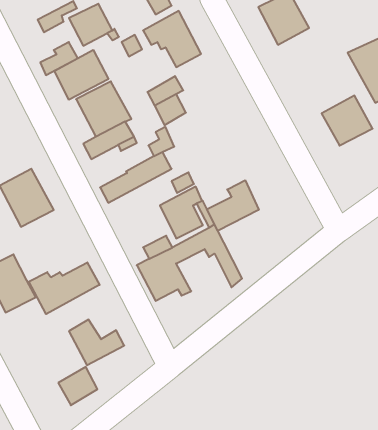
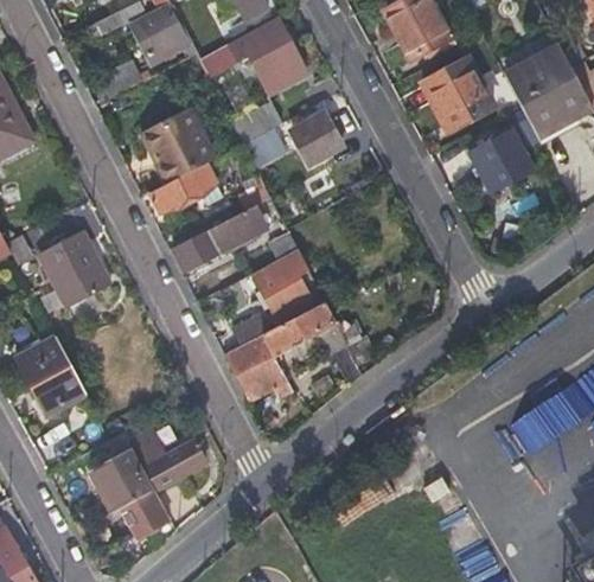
building: none -> [421,60,493,132]
building: [54,50,108,100] -> none
building: none -> [292,114,341,162]
building: [207,180,259,231] -> none
building: [29,262,100,314] -> none
building: none -> [89,449,153,513]

